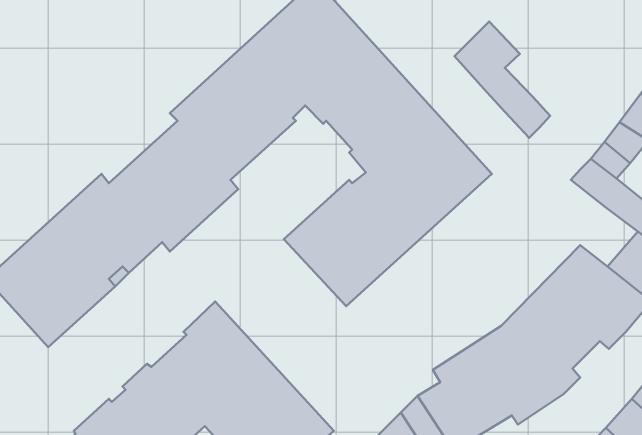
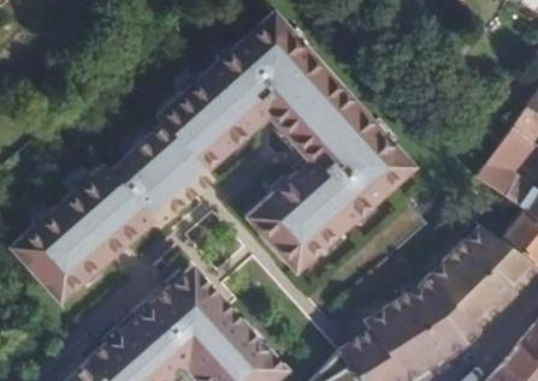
building: [454,22,550,138] -> none

